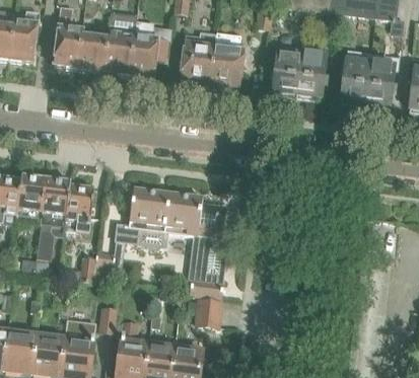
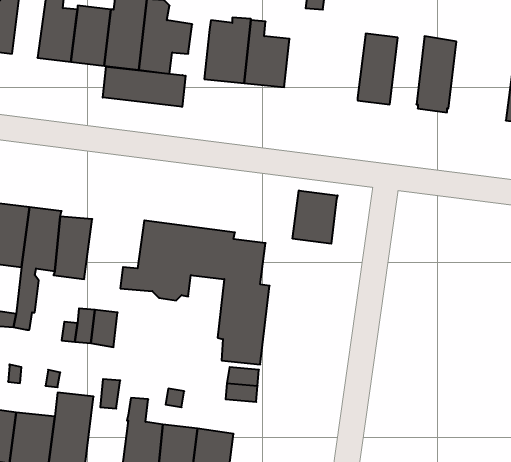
building: [272,45,302,97] -> none
building: [365,61,395,106] -> none
building: none -> [103,66,186,107]
building: none -> [293,190,338,244]

